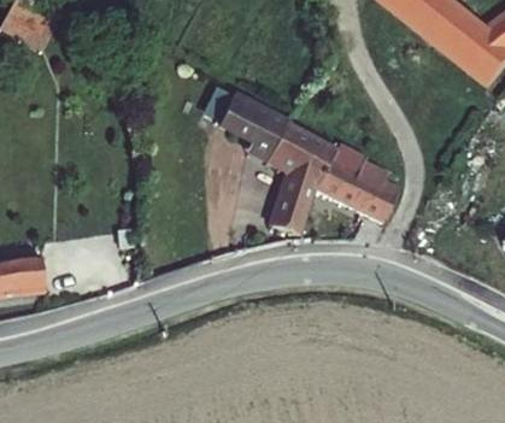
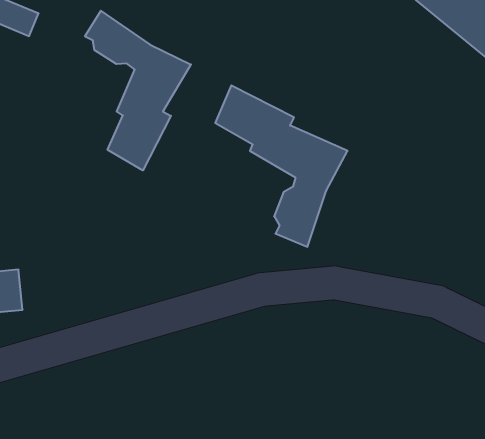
building: none -> [85,11,191,170]
building: [316,146,400,218] -> none

